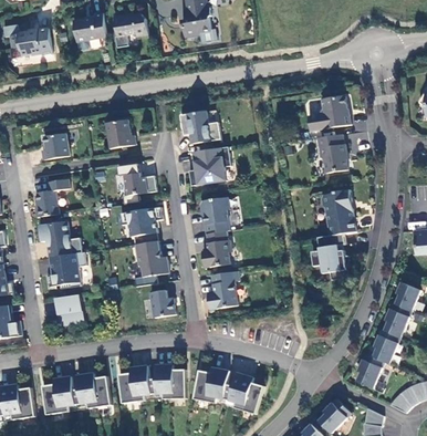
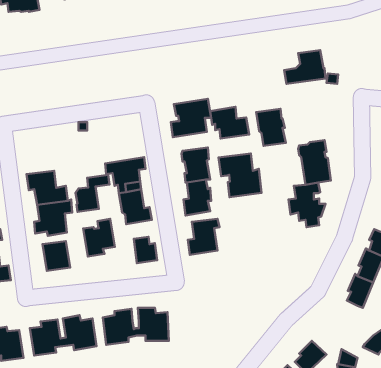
building: [180,111,221,144] -> [210,107,249,139]
building: [105,120,136,148] -> none
building: [42,133,69,159] -> none
building: [317,134,348,173] -> [256,109,286,146]
building: [123,164,157,195] -> none
building: [34,178,70,217] -> [75,175,109,212]
building: none -> [219,153,262,197]
building: none -> [83,219,115,257]
building: [357,353,384,388] -> none
building: [194,367,264,414] -> none

